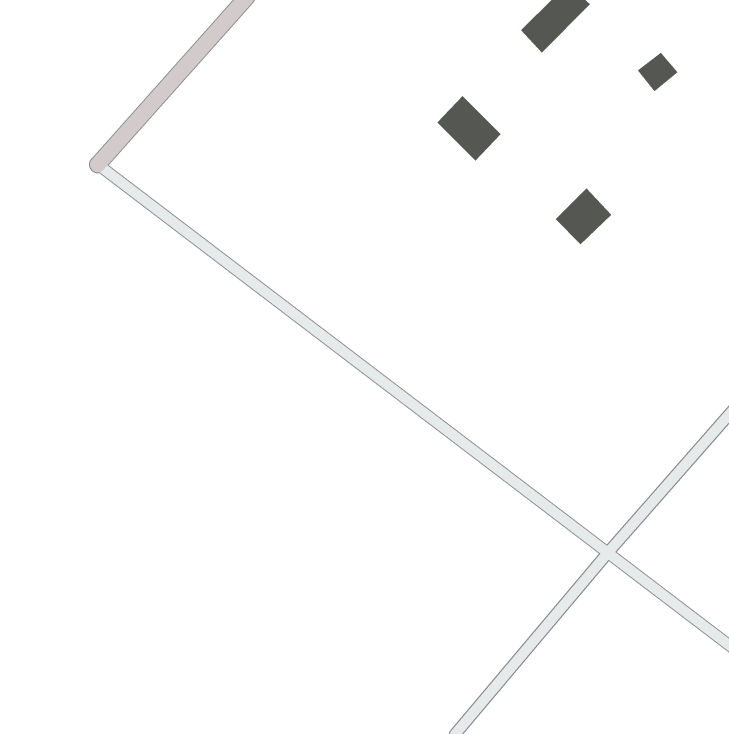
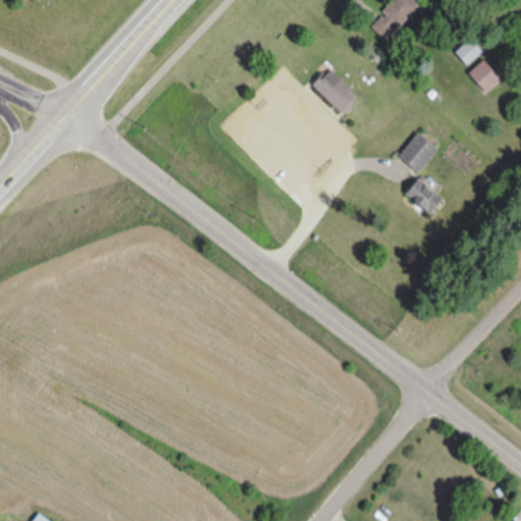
building: none -> [471,64,500,94]
building: none -> [406,175,446,214]

